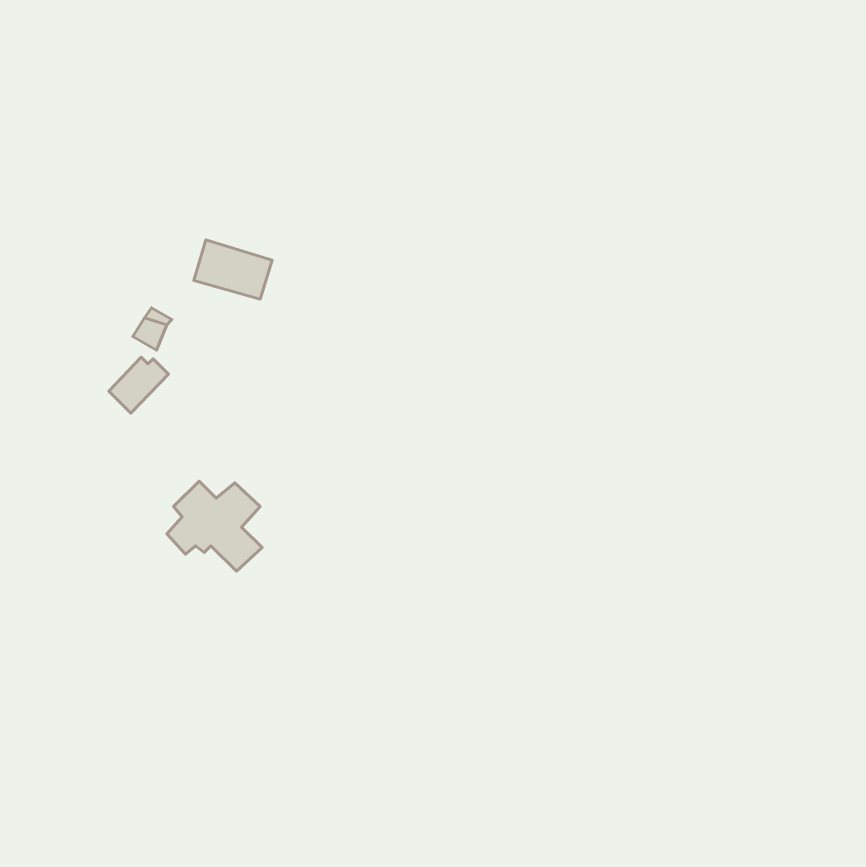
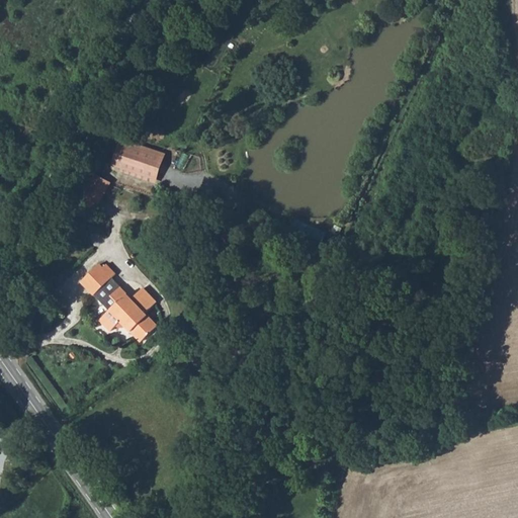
building: [109,357,168,413] -> [79,263,114,296]

